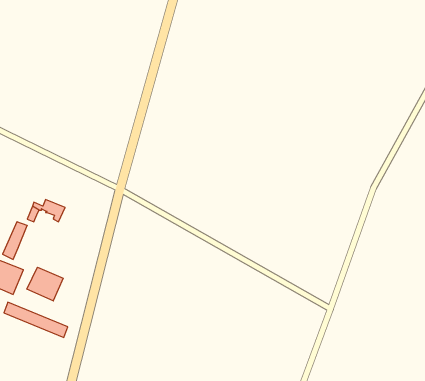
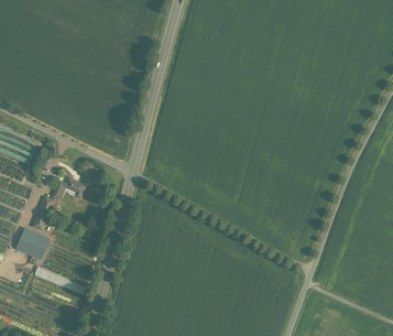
building: [27,267,63,301] -> none

